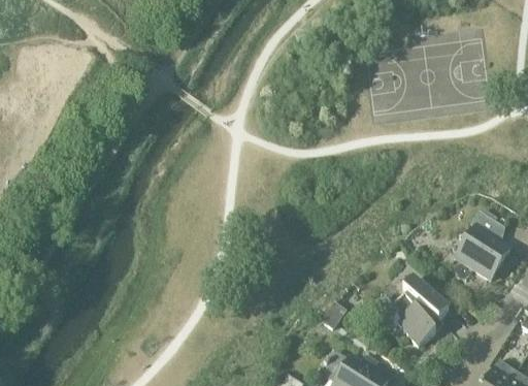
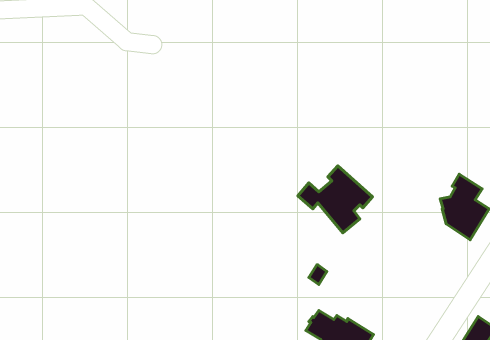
building: [372,277,450,346] -> [298,166,373,233]

